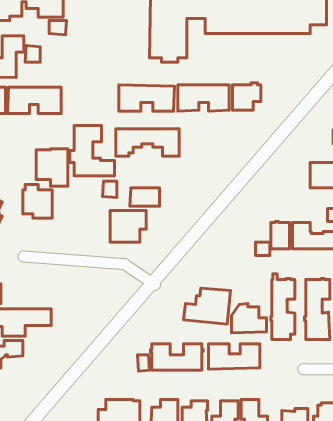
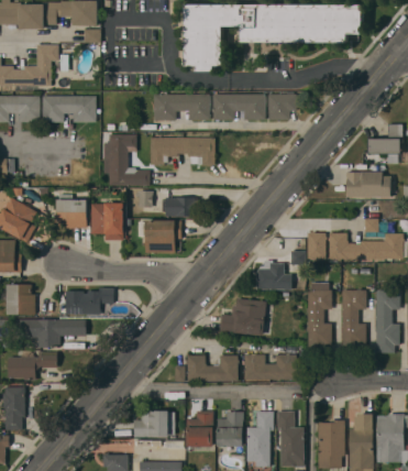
building: [36,149,68,186] -> [91,202,123,240]
building: none -> [66,287,113,314]
building: [232,303,266,333] -> [256,260,291,289]

